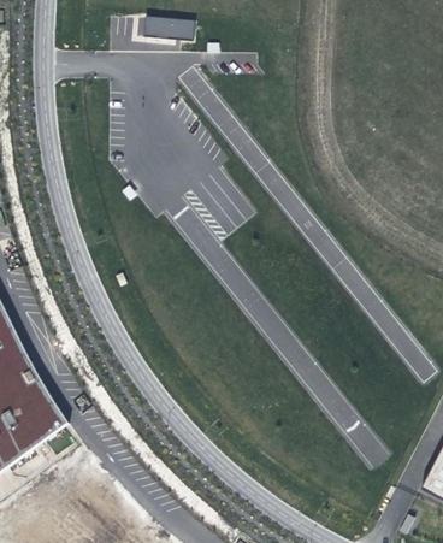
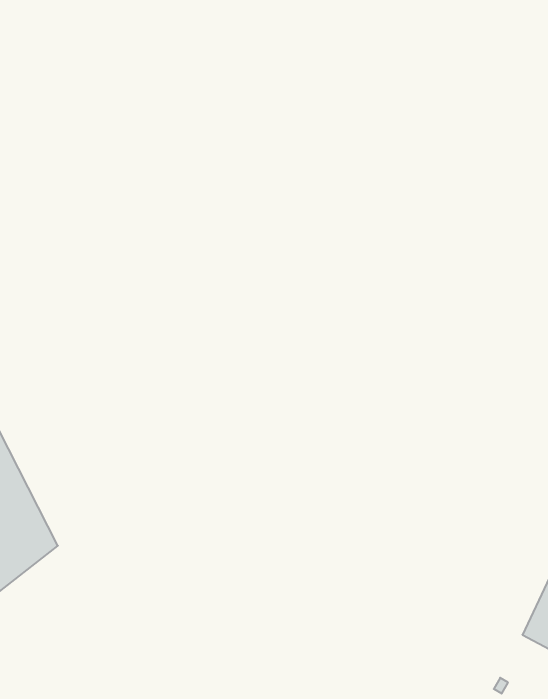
building: [137,14,189,39] -> none

